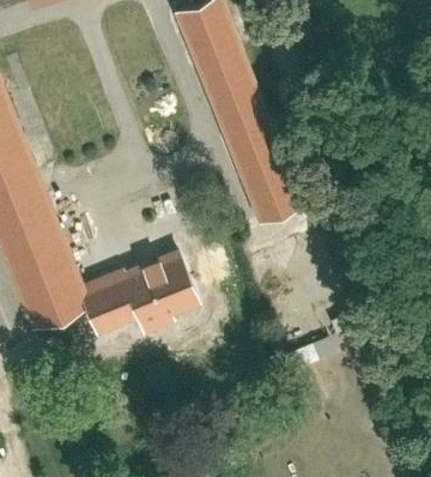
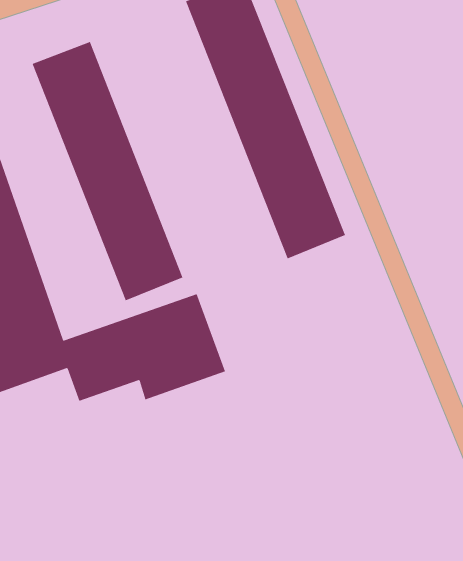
building: none -> [32,41,183,301]

